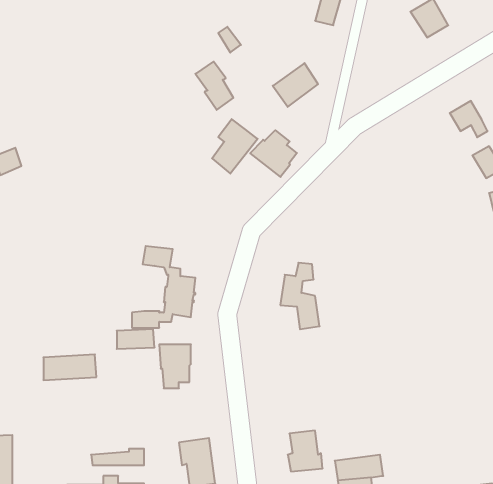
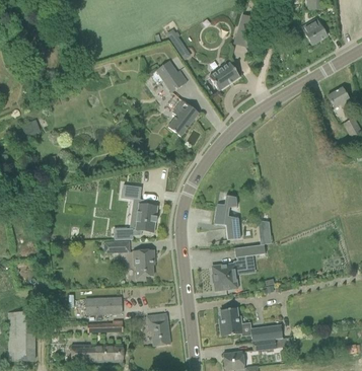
building: [250,130,297,177] -> none
building: none -> [212,244,266,290]
building: [43,354,96,380] -> [86,297,122,314]

